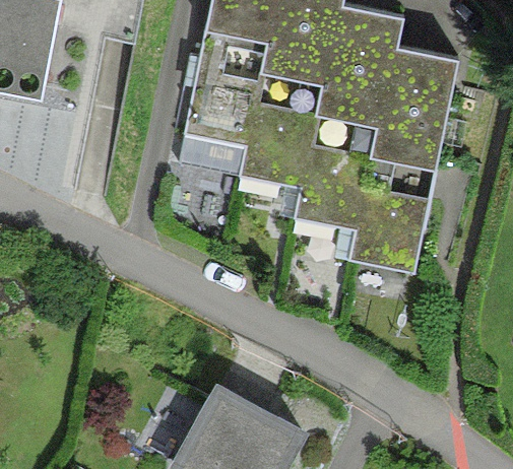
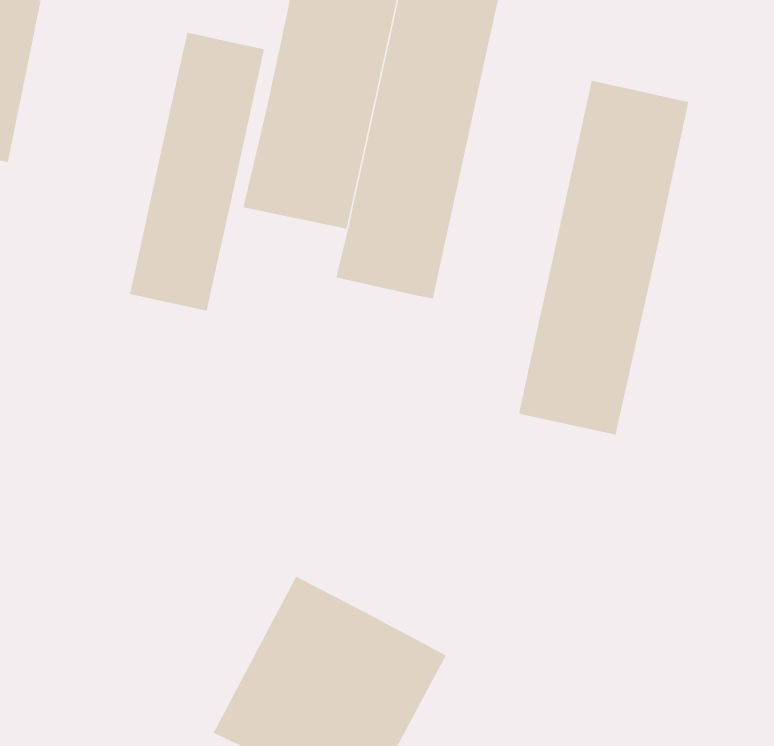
building: [294,13,402,231] -> none
building: none -> [129,32,265,312]

